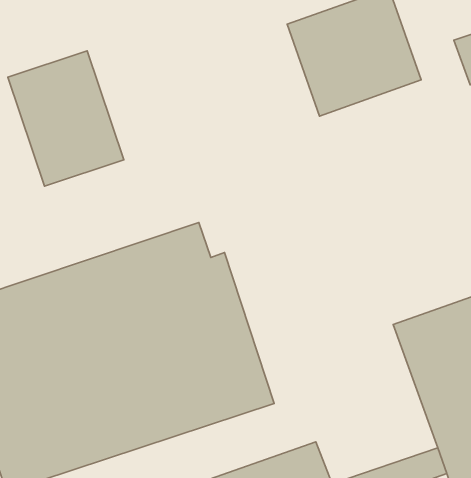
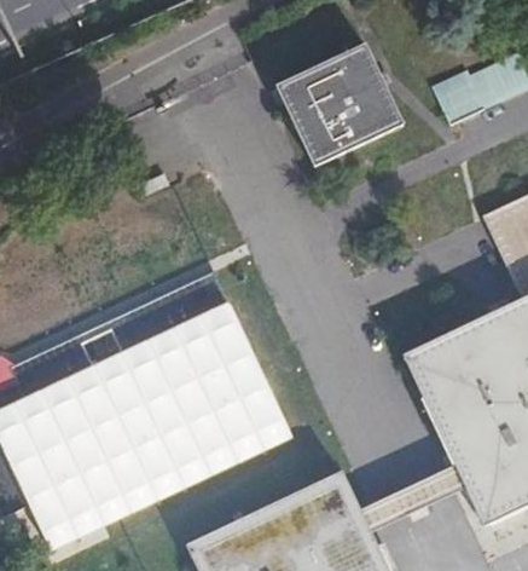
building: [8,51,124,186] -> none

